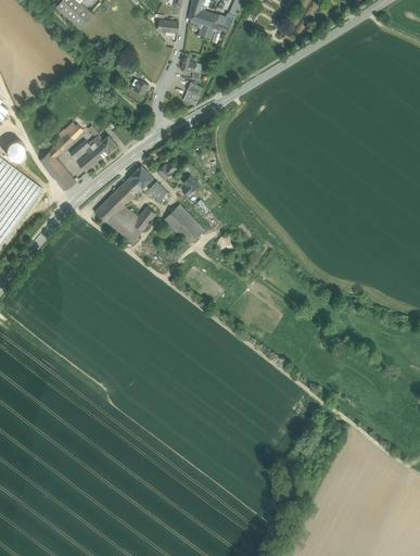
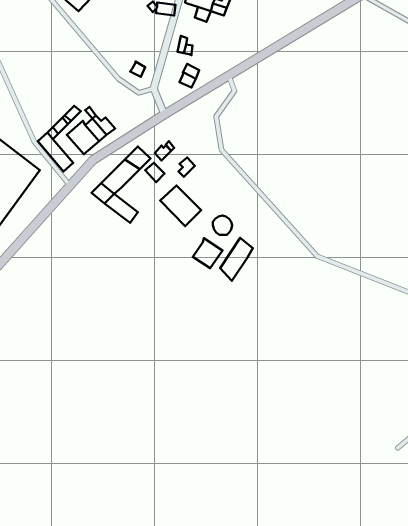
building: [116,205,155,230] -> none
building: none -> [220,238,253,281]
building: none -> [193,238,222,268]

